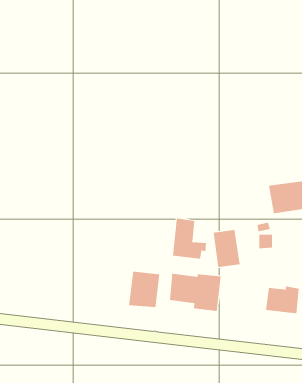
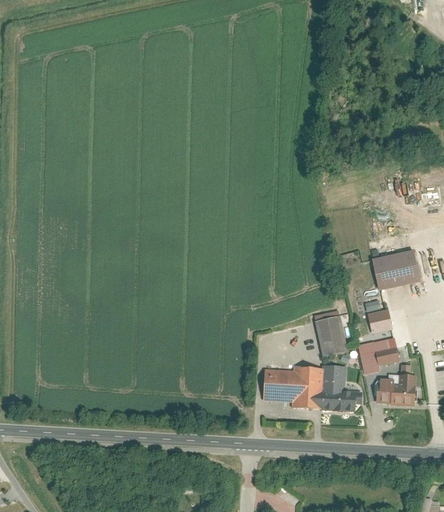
building: [172,218,207,259] -> [323,364,363,411]
building: none -> [357,339,399,375]
building: [129,271,160,308] -> none

